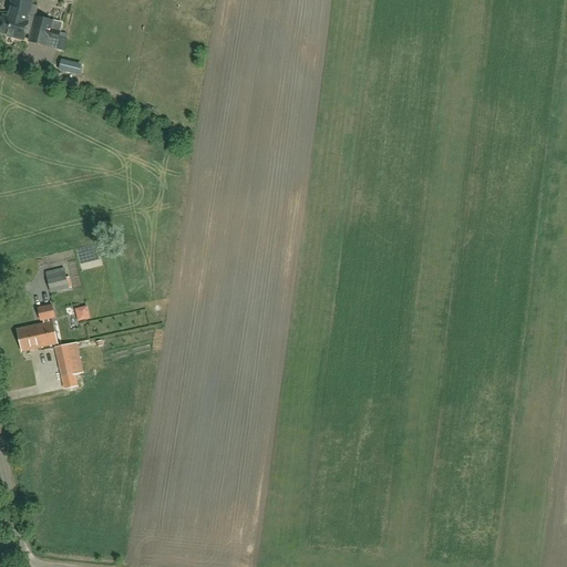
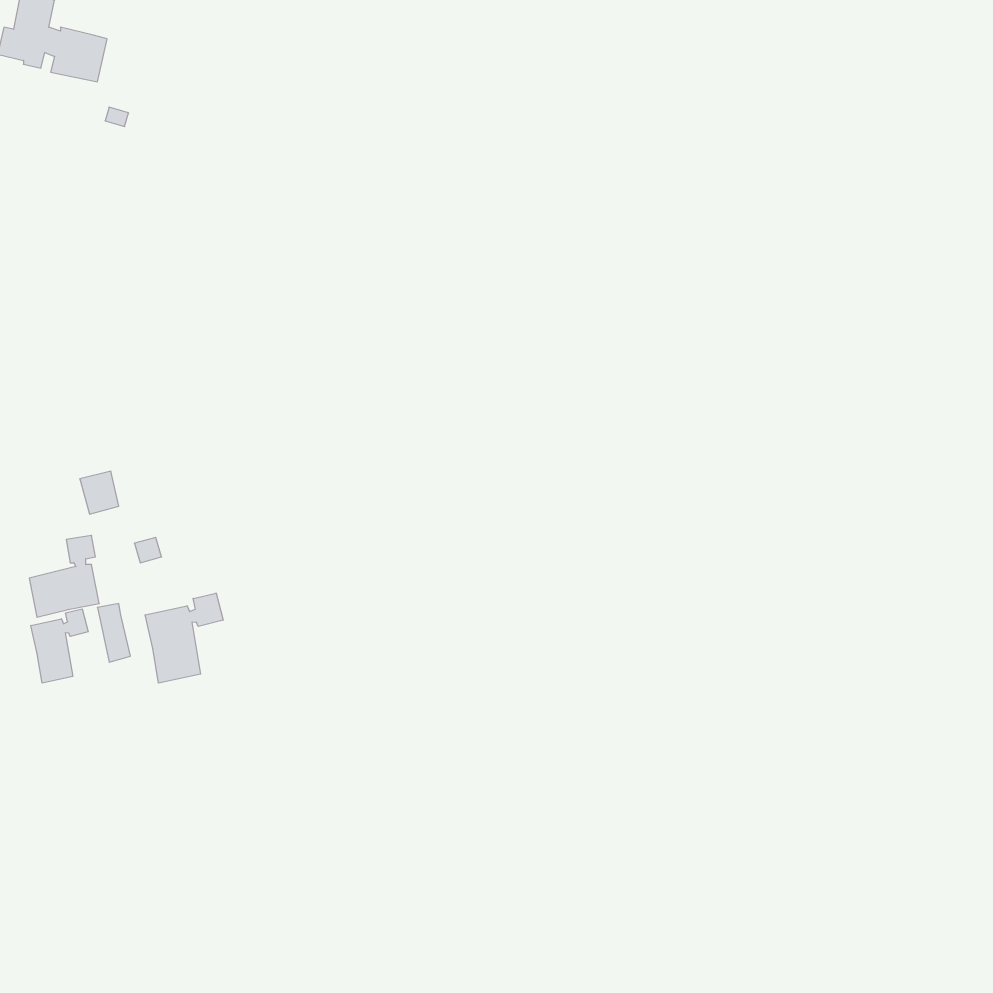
building: none -> [145,593,223,683]
building: none -> [31,609,88,683]

